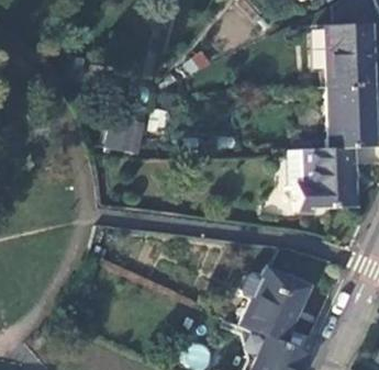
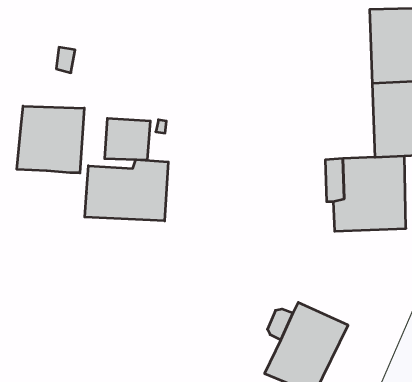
building: none -> [17,106,84,173]
building: none -> [85,160,168,221]

